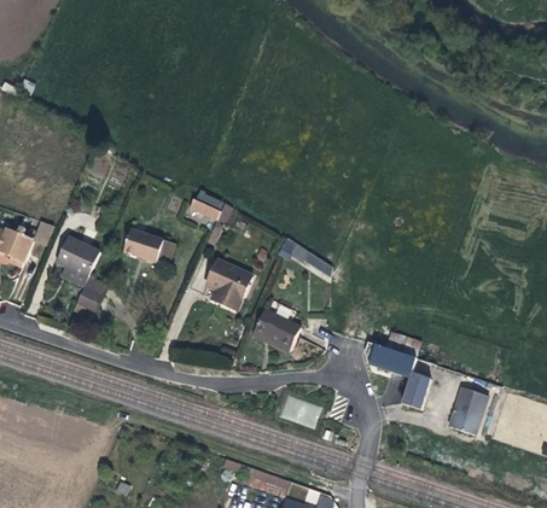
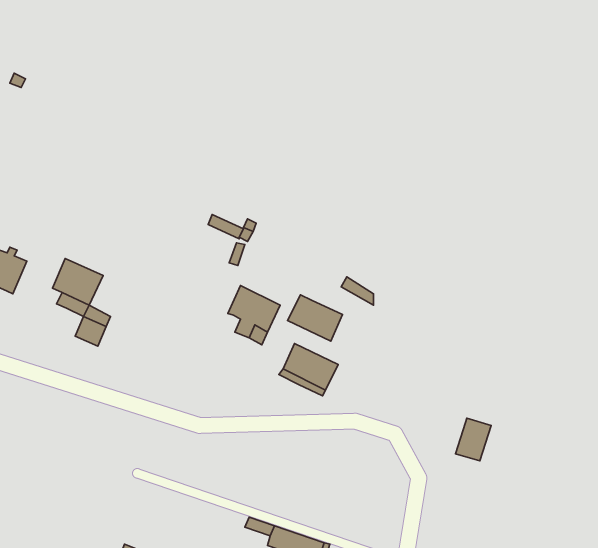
building: [124,229,175,264] -> none
building: none -> [288,295,343,341]
building: [363,340,417,375] -> none
building: [448,385,488,433] -> none

